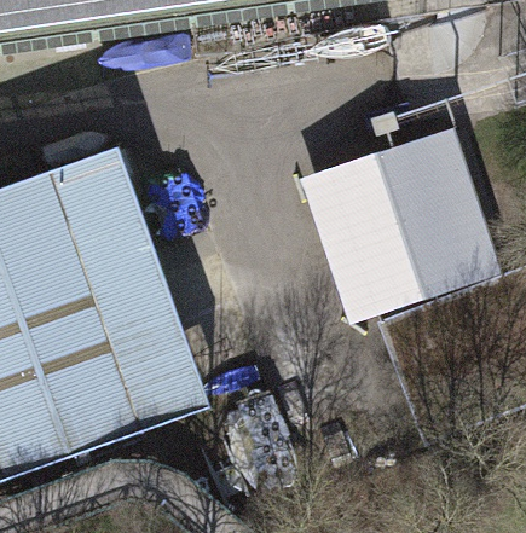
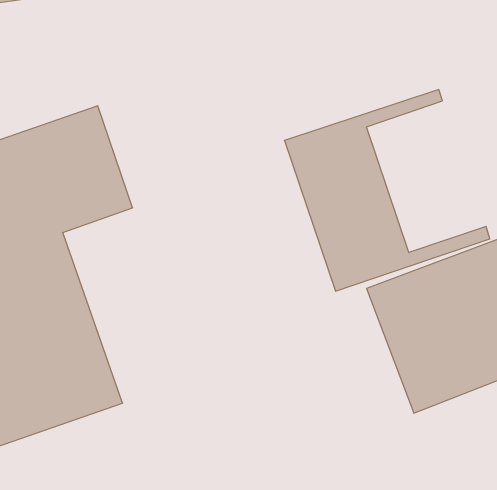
building: [372,121,489,268] -> none
building: [77,225,204,415] -> none

